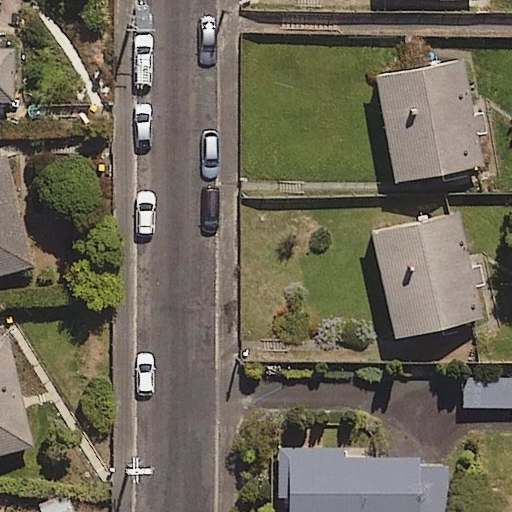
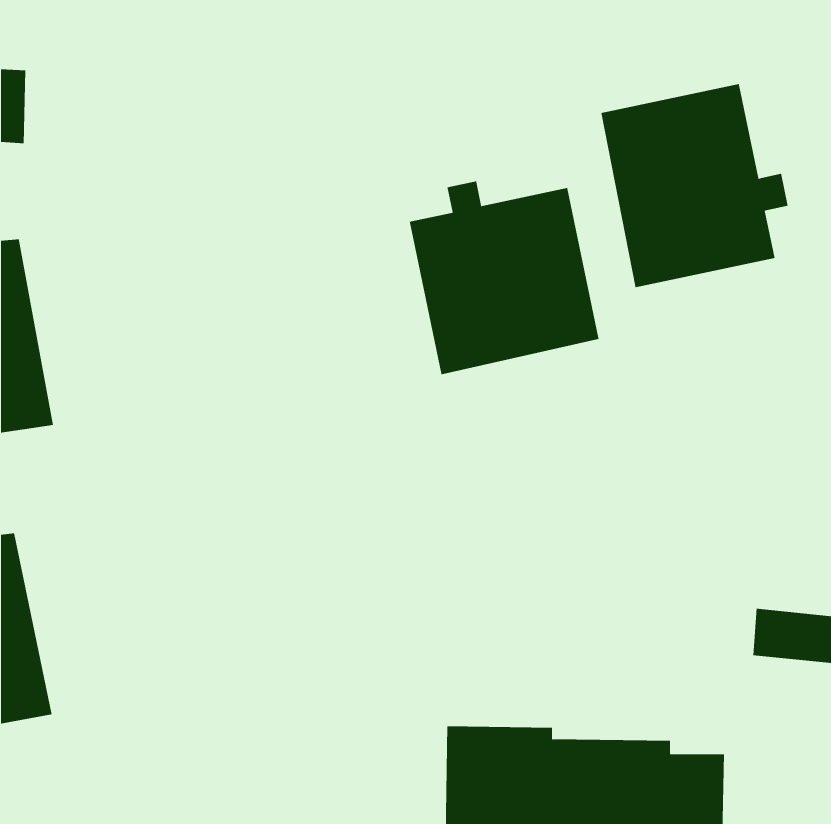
building: none -> [409,180,599,375]
building: [364,212,486,341] -> none

